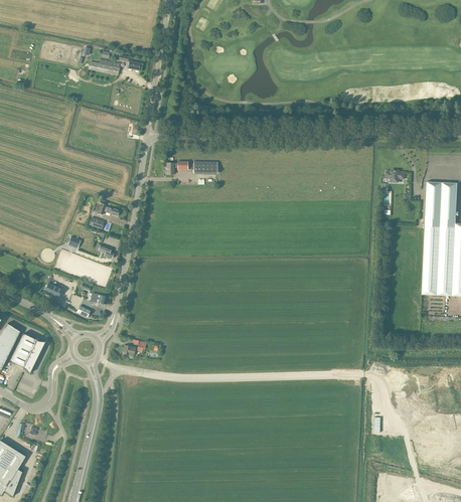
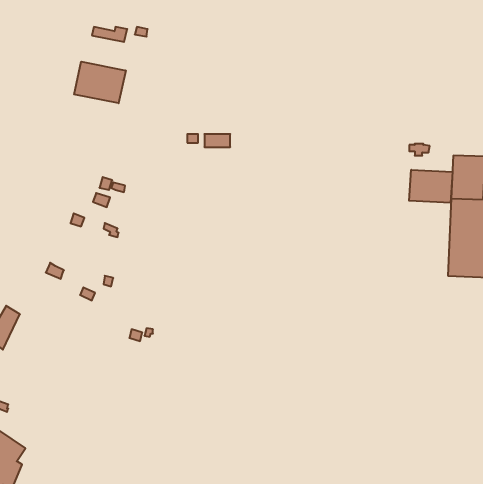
building: none -> [74,62,126,103]
building: none -> [409,170,452,203]
building: [9,332,45,372] -> none

